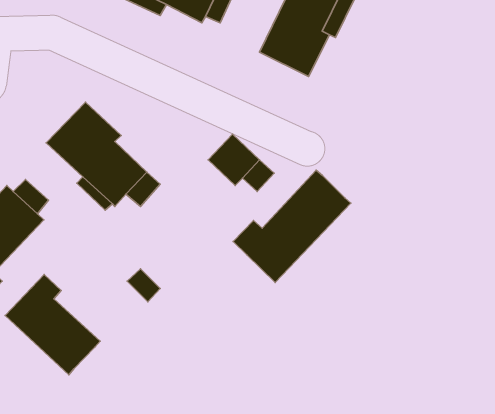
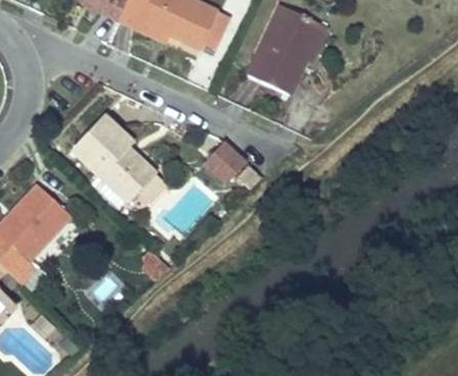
building: [233,170,351,282] -> none
building: [5,275,100,375] -> none

